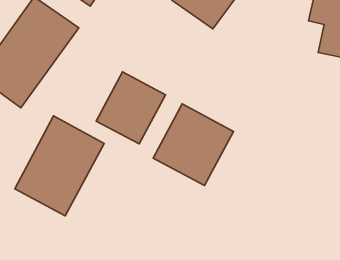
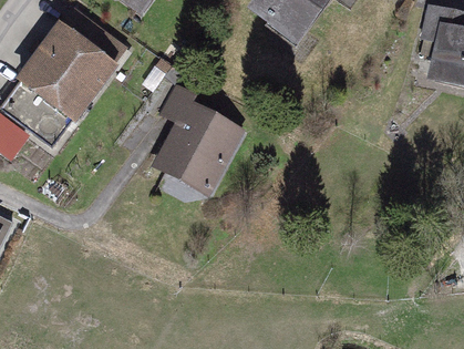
building: [153,104,234,186] -> none
building: [15,116,104,216] -> none

